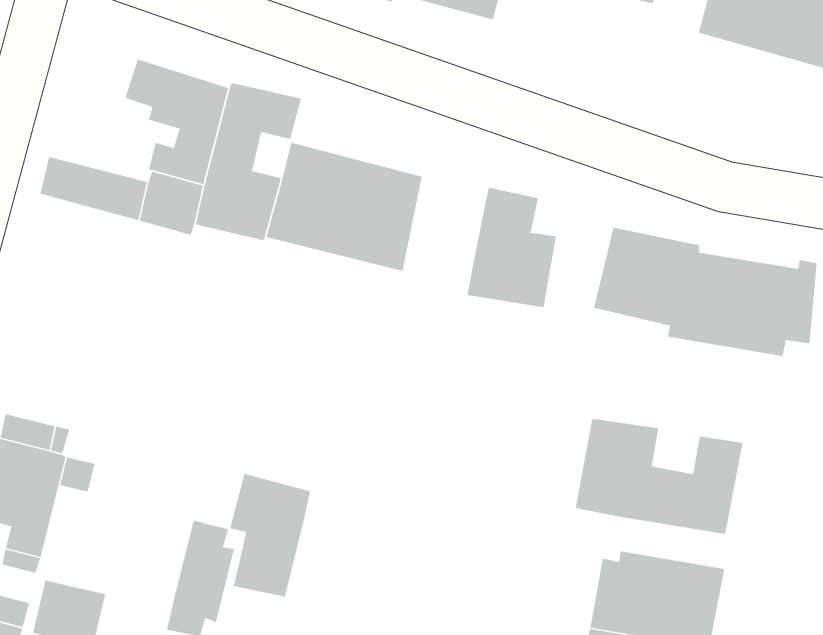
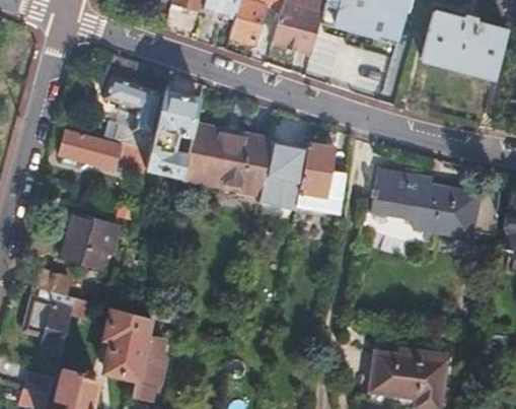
building: none -> [262,145,308,201]
building: none -> [58,210,118,268]
building: [575,418,743,534] -> none
building: [229,473,311,597] -> [101,309,147,379]

